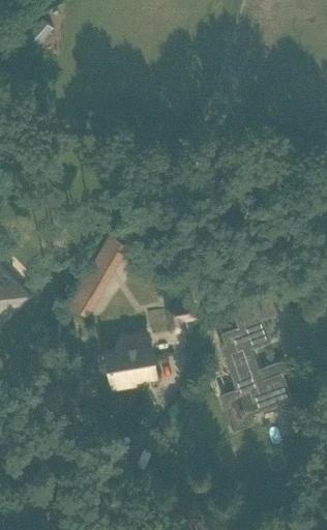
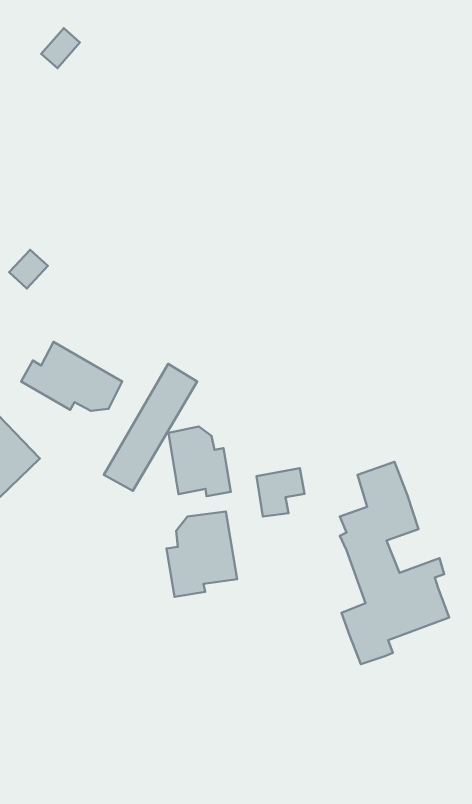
building: none -> [21,342,122,411]
building: none -> [168,426,231,496]

